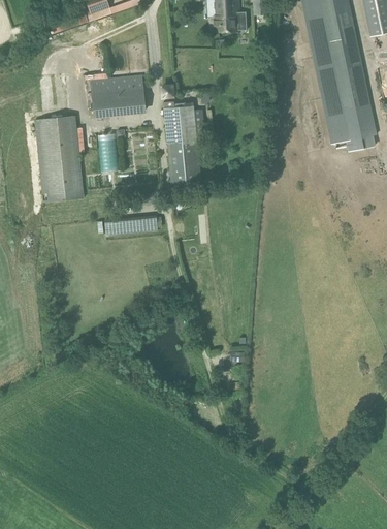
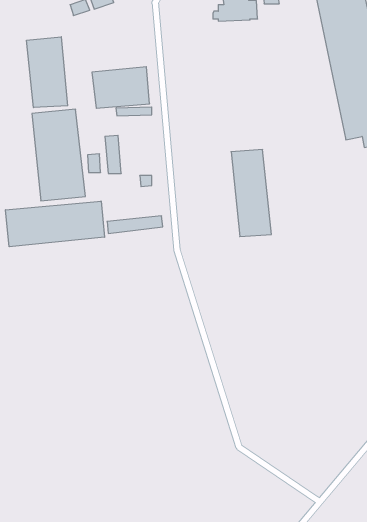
building: none -> [27,37,68,108]
building: [164,104,202,187] -> [231,150,271,237]
building: none -> [6,201,105,247]

